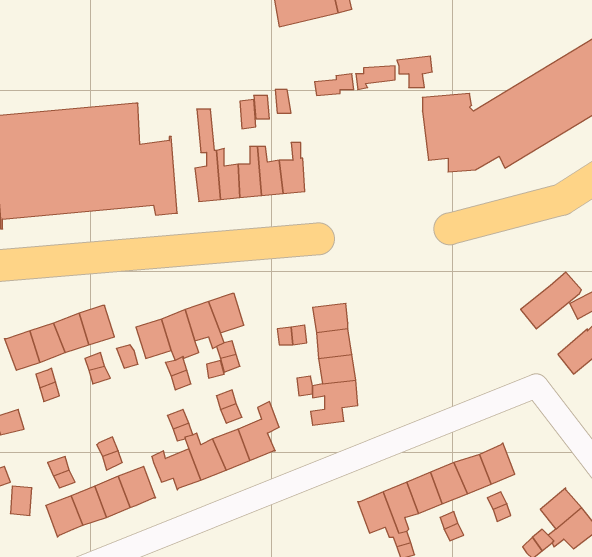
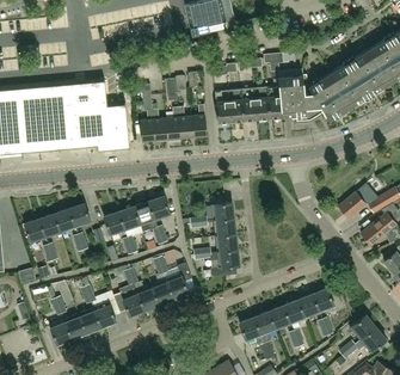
building: none -> [214,86,282,122]

